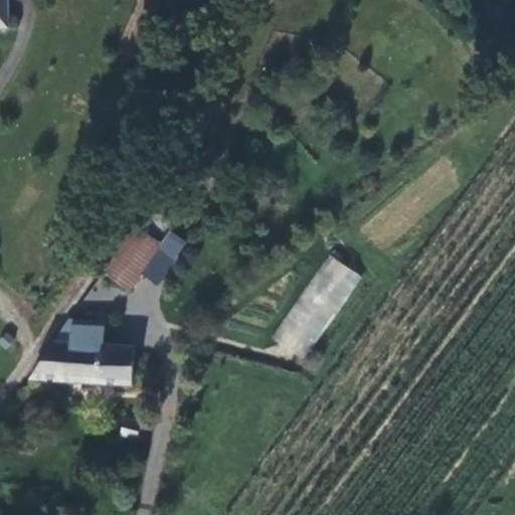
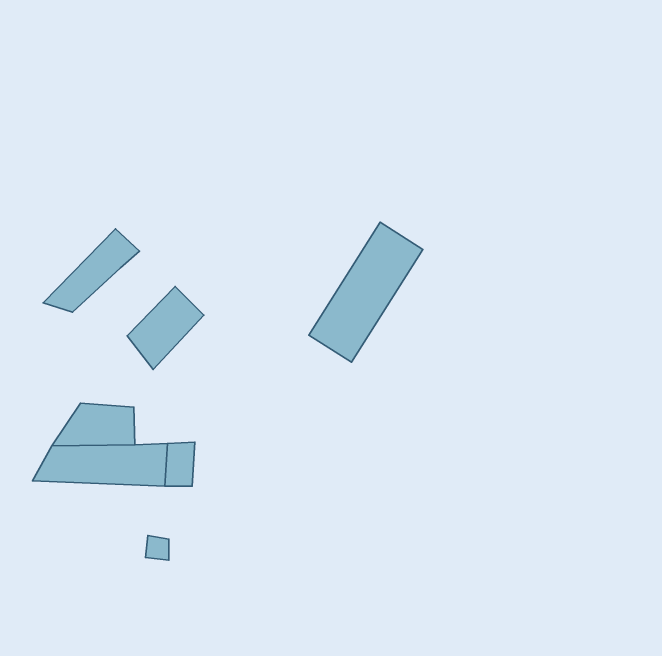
building: none -> [43,229,140,312]
building: [272,259,360,367] -> [309,222,423,362]

